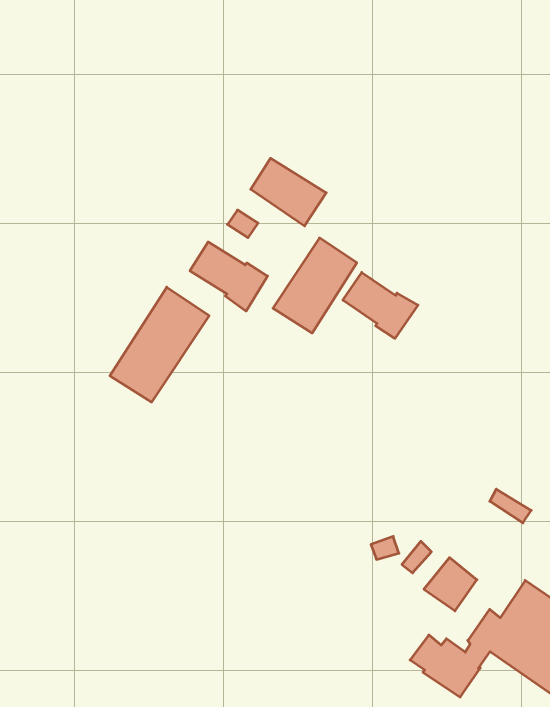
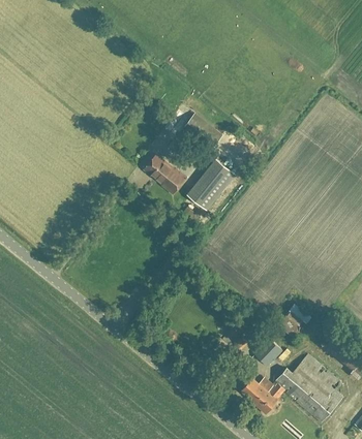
building: [343,272,418,338] -> none
building: [110,287,209,402] -> none

